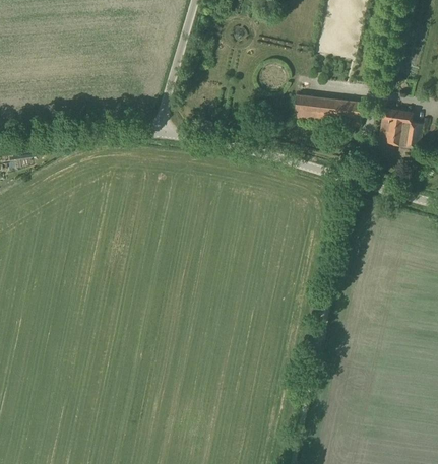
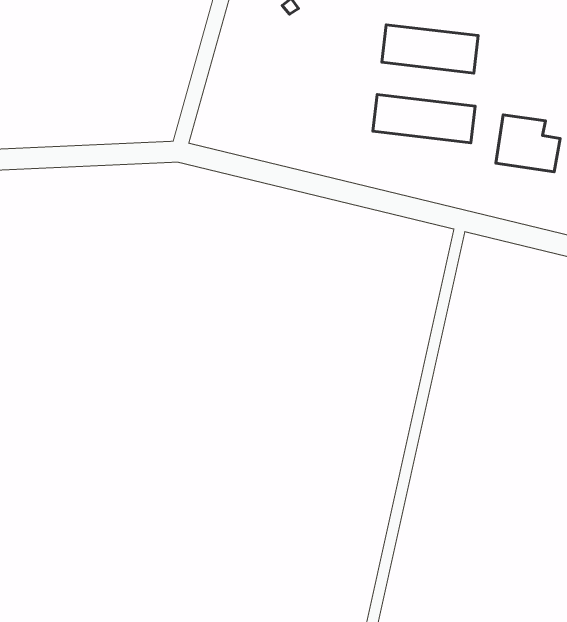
building: none -> [382,25,478,73]

